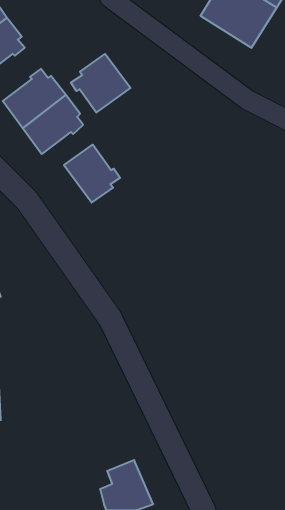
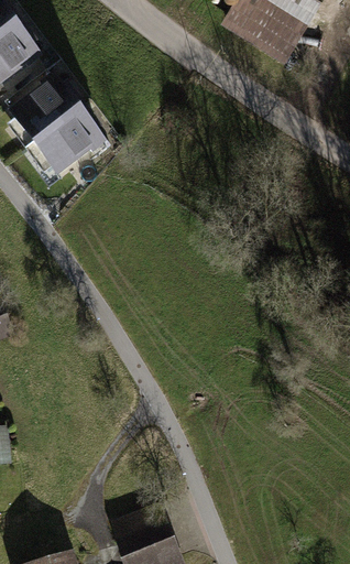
building: [71,54,130,113] -> none
building: [64,145,120,203] -> none

